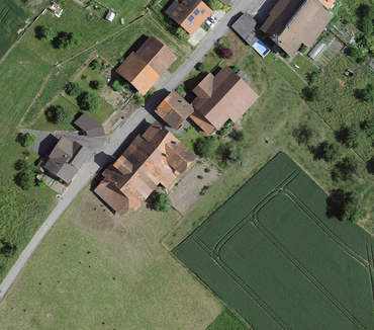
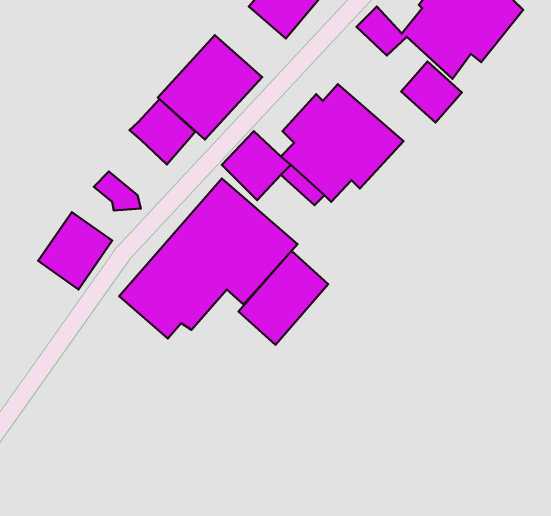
building: none -> [401,62,462,122]
building: none -> [130,99,195,164]
building: none -> [238,251,328,345]

